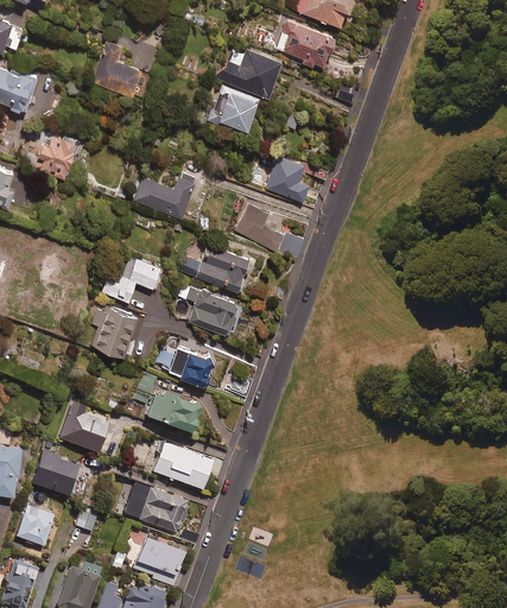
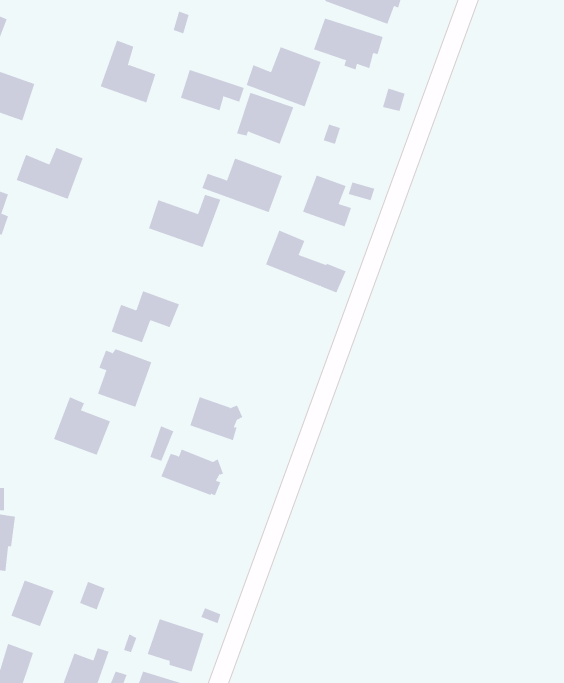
building: none -> [180,69,245,111]
building: [180,243,251,291] -> [202,158,283,213]
building: [186,286,240,334] -> none
building: [58,401,108,452] -> [53,396,111,456]
building: [153,442,211,489] -> none
building: [31,451,82,496] -> none
building: [135,484,185,532] -> none

